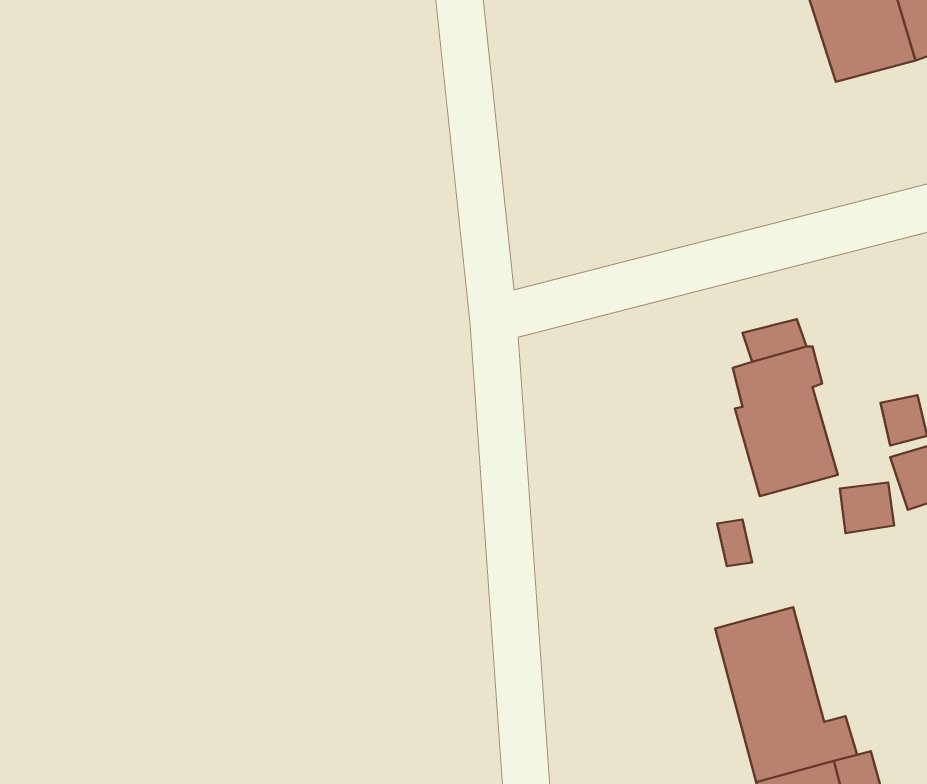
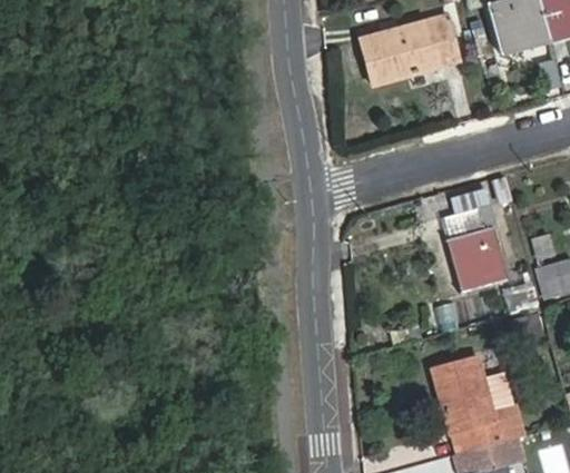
building: none -> [360,14,460,86]

